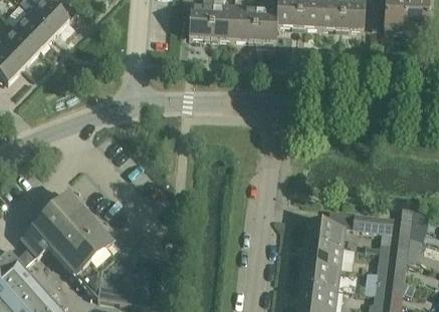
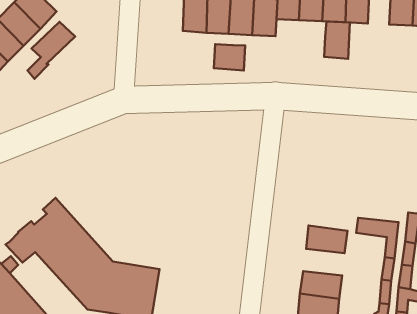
building: none -> [324,21,350,59]
building: none -> [27,22,75,79]
building: none -> [214,44,245,71]
building: [302,243,342,268] -> none

